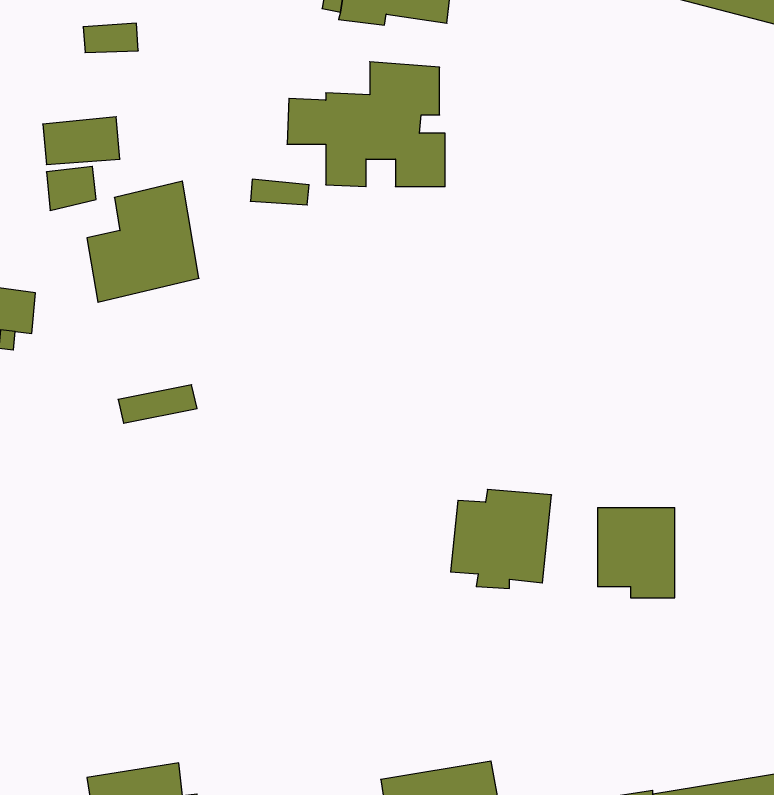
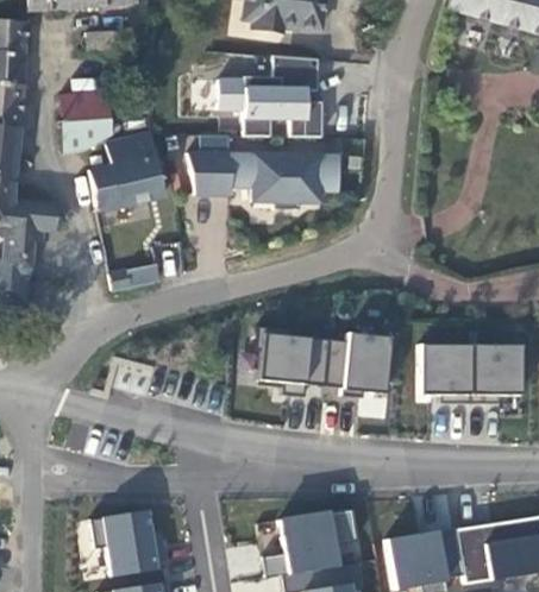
building: none -> [188,152,339,208]
building: none -> [256,325,330,396]
building: none -> [470,344,520,402]

